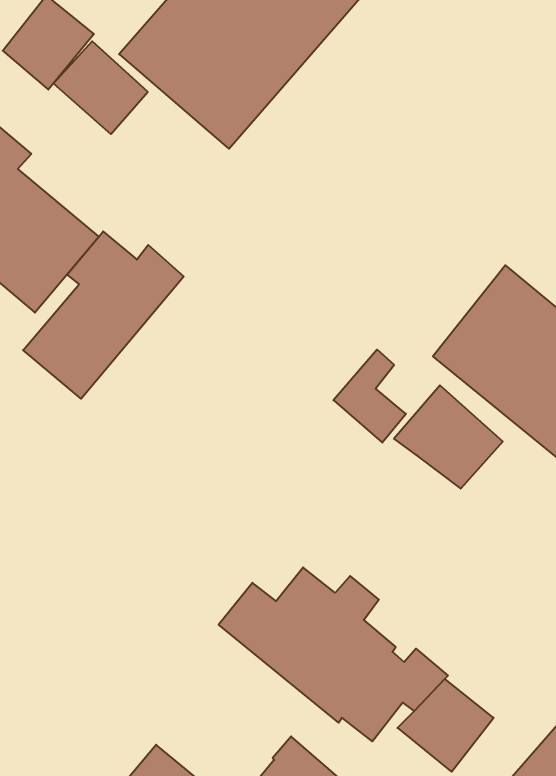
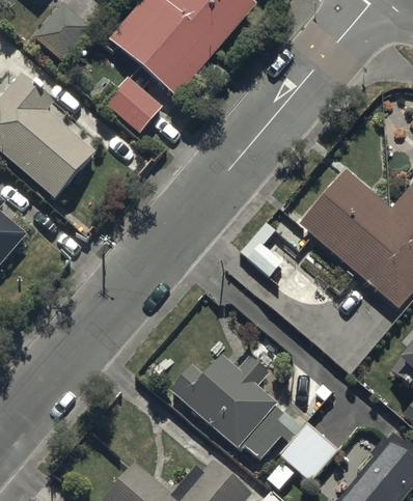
building: [53,41,148,134] -> [103,76,161,133]
building: [23,231,184,399] -> none
building: [394,385,503,489] -> none

